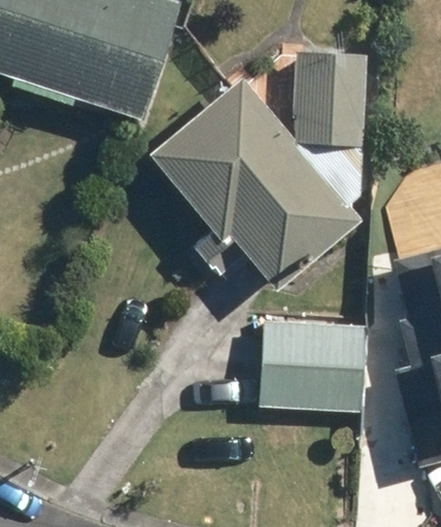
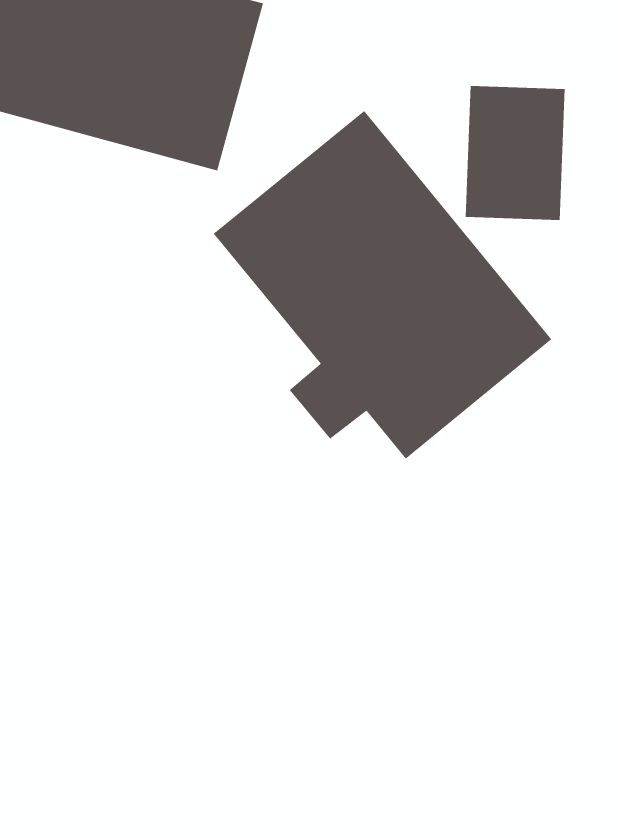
building: [255,318,373,413] -> none

